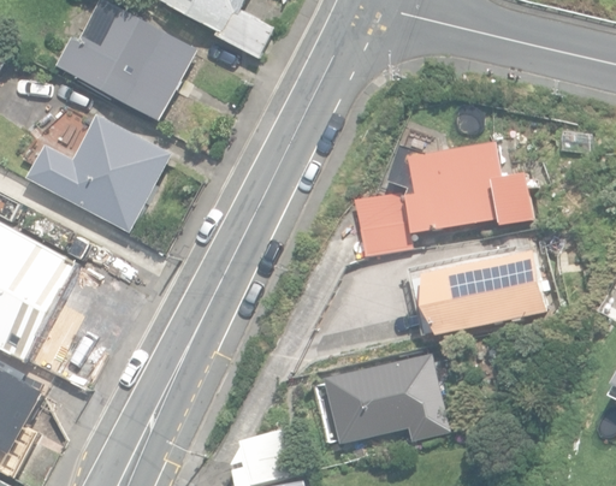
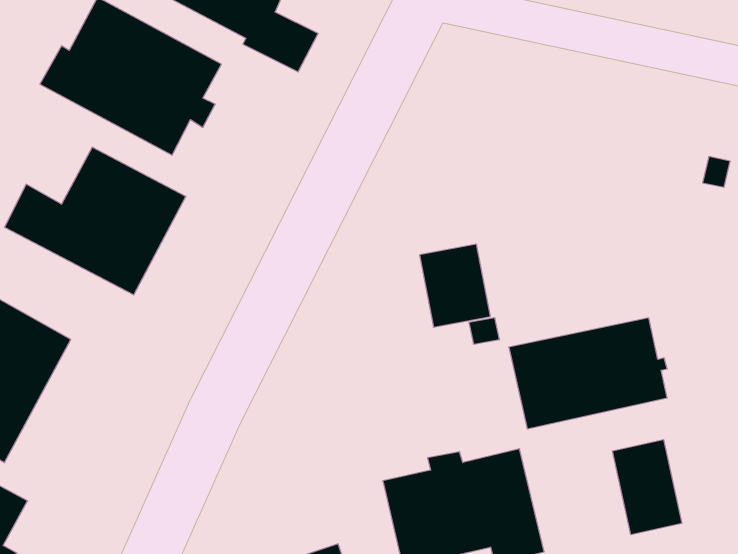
building: [386,143,534,233] -> none
building: none -> [613,440,682,535]

